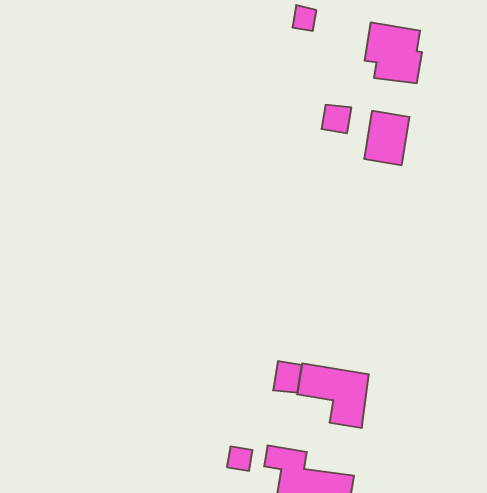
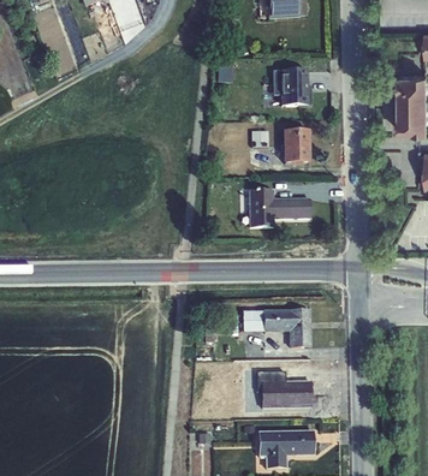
building: none -> [246,192,308,231]

